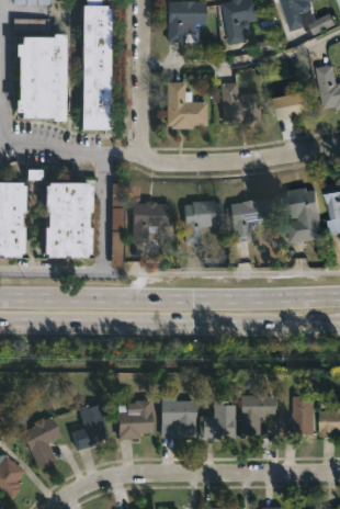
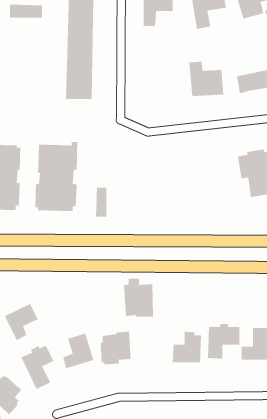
building: [13,34,66,123] -> none
building: [171,82,212,128] -> none
building: [234,197,272,240] -> none
building: [183,201,222,245] -> none
building: [136,202,174,241] -> none
building: none -> [4,303,38,341]
building: [160,392,196,438] -> [123,278,154,317]

